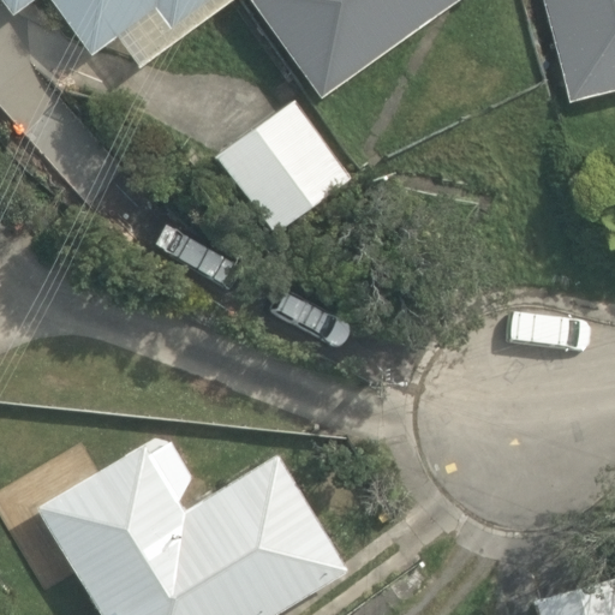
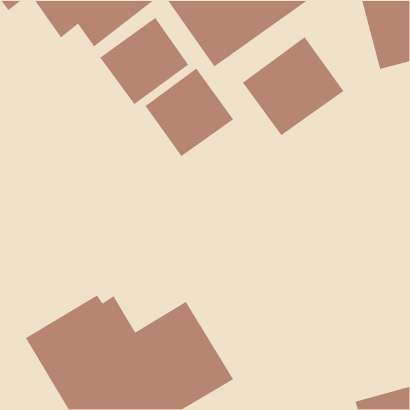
building: none -> [99,17,189,105]
building: none -> [242,36,345,136]

